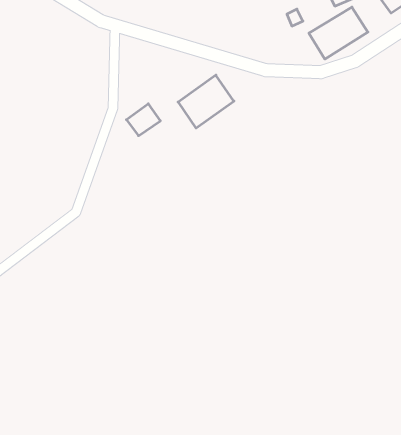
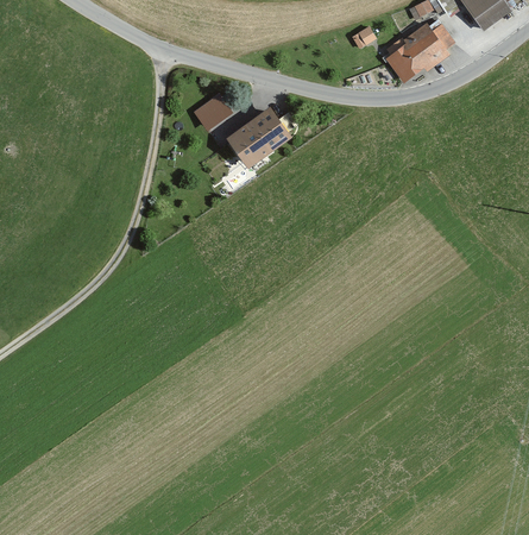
building: [126,104,160,136] -> [190,92,231,130]

